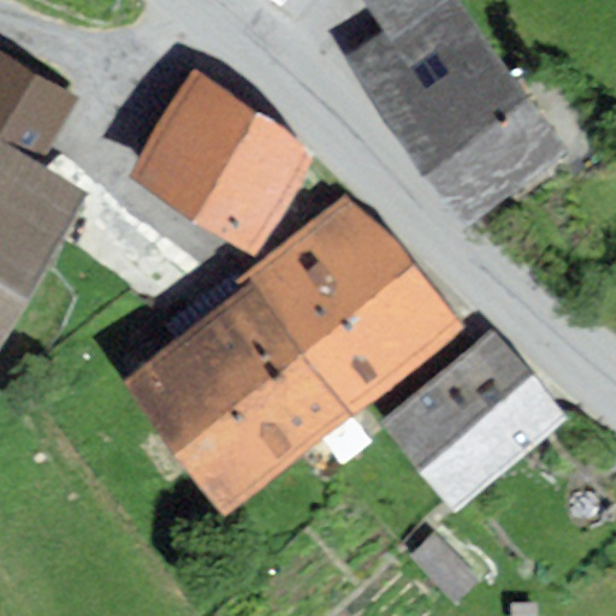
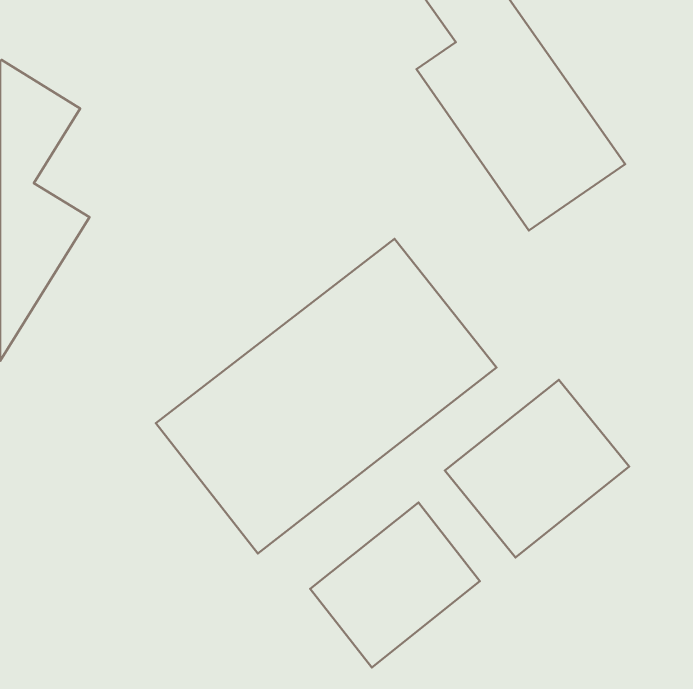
building: [147,88,304,236] -> none
building: none -> [310,503,480,668]

